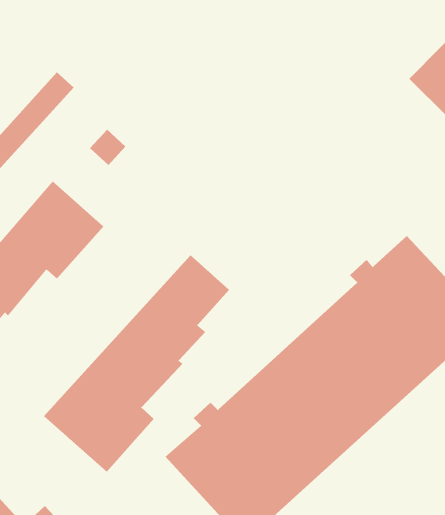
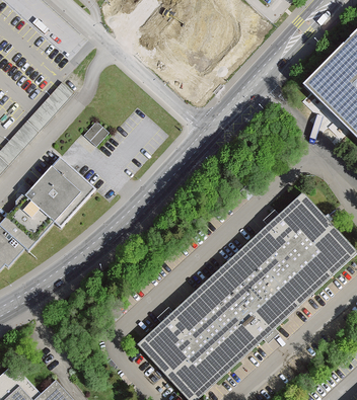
building: [43,254,230,472] -> none

